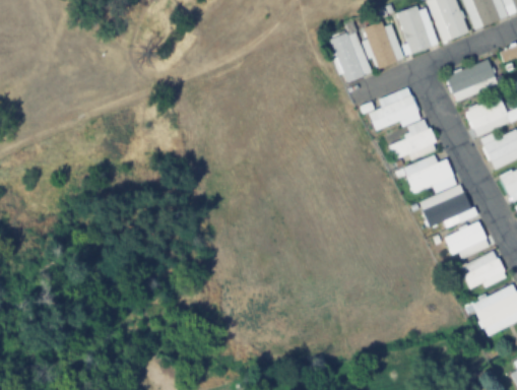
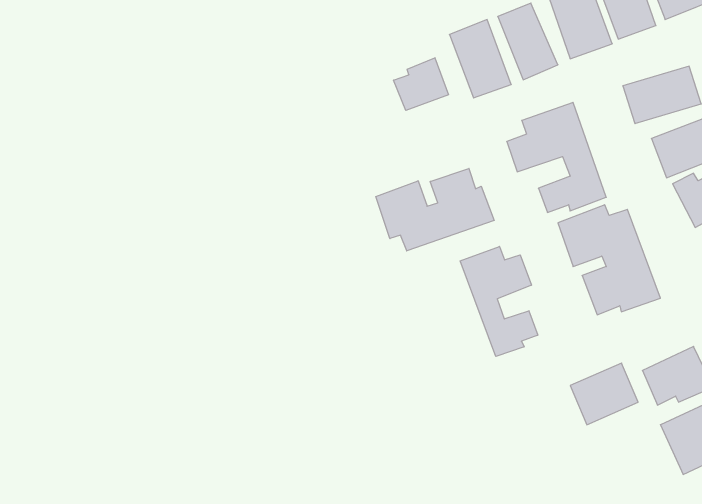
building: none -> [394,58,448,110]
building: none -> [376,168,494,251]
building: none -> [460,246,538,356]
building: [444,220,490,262] -> [570,363,638,425]

